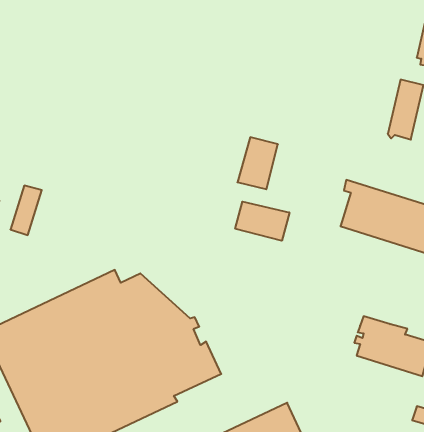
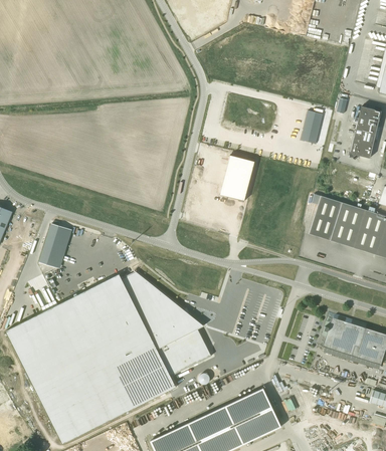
building: none -> [303,111,325,145]
building: [10,186,42,235] -> [41,224,68,267]
building: [235,202,289,241] -> none

